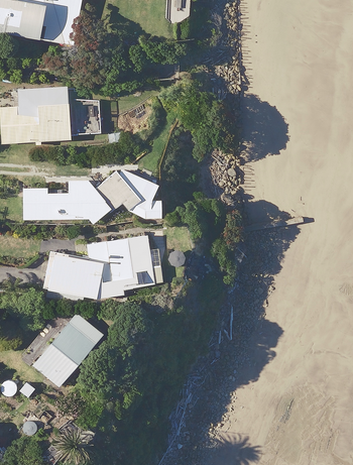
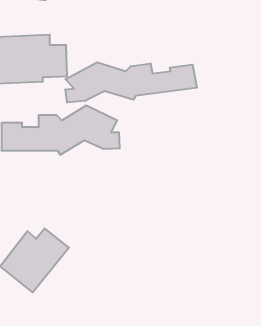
building: none -> [65,62,197,103]
building: [45,239,151,296] -> none

